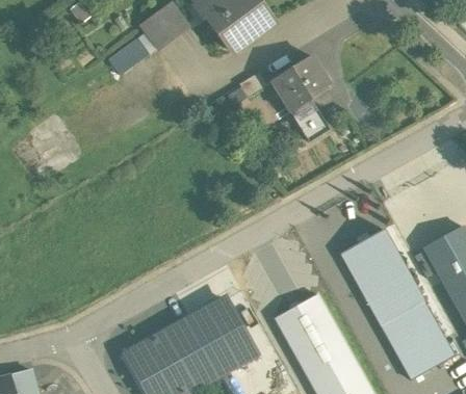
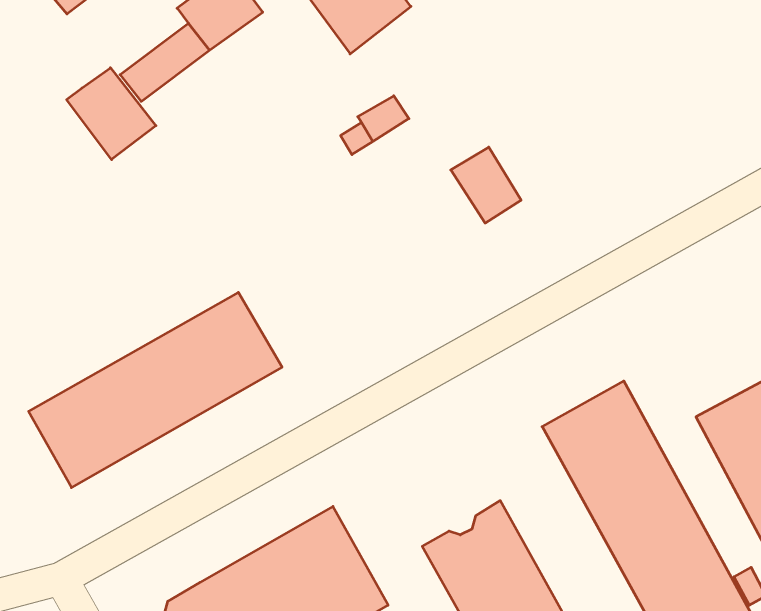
building: [271,55,332,112] -> none
building: none -> [67,68,156,160]
building: none -> [29,292,282,488]

